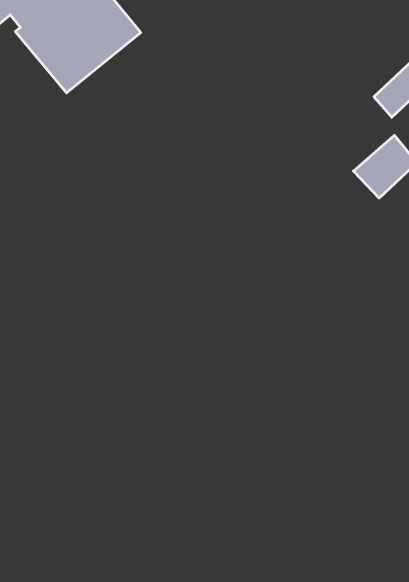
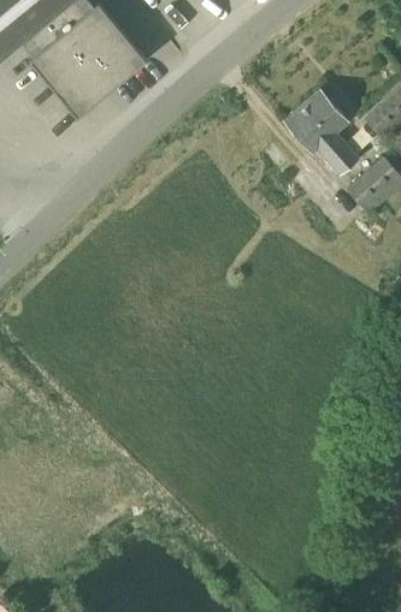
building: none -> [284,88,360,174]

